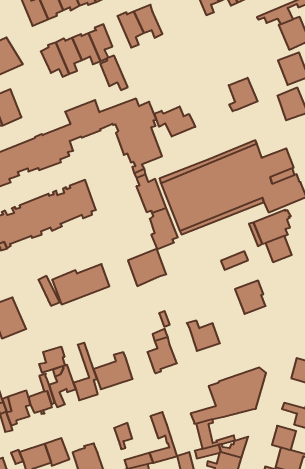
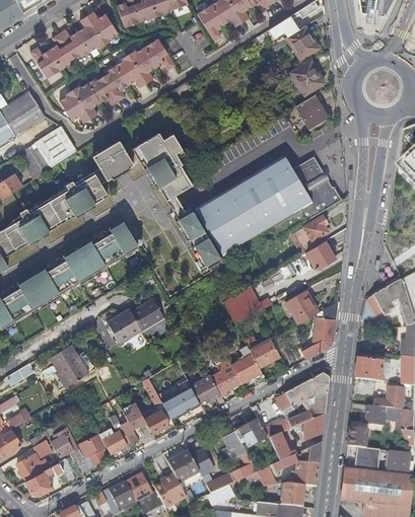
building: [100,56,128,90] -> [116,55,146,87]
building: none -> [34,126,77,168]
building: [229,78,258,111] -> none
building: [154,106,195,137] -> none
building: [128,249,166,286] -> [223,286,263,325]
building: none -> [302,301,338,359]
building: none -> [231,346,267,385]
building: [39,347,65,373] -> none
building: none -> [191,374,221,405]
building: none -> [235,420,268,447]
building: none -> [295,415,323,440]
building: none -> [167,451,199,482]

